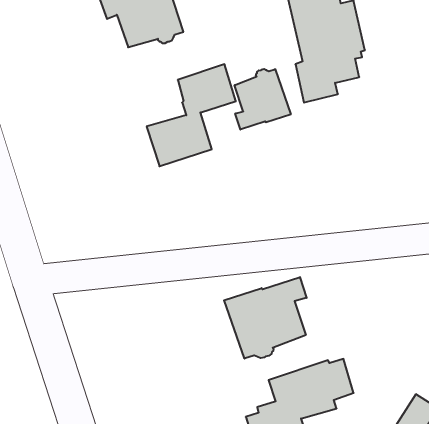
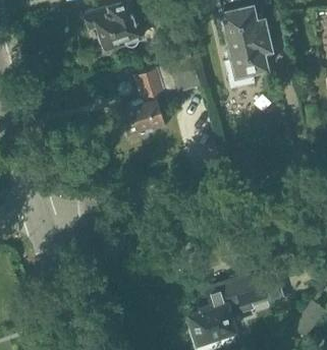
building: [235,69,291,130] -> none
building: [224,277,307,359] -> none

